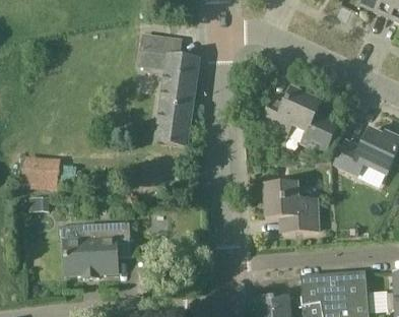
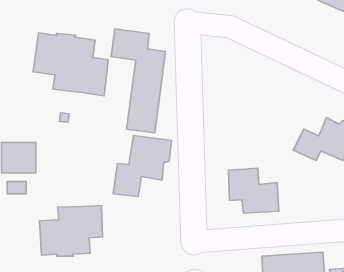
building: none -> [33,33,108,96]
building: [262,87,341,158] -> none
building: none -> [113,136,172,197]

